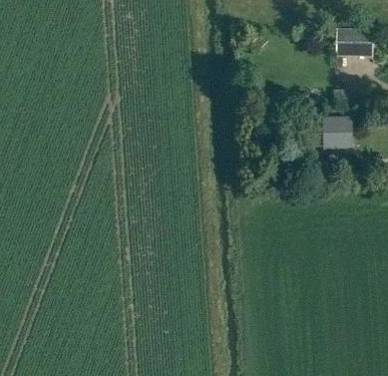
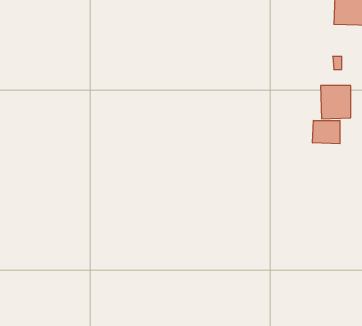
building: none -> [313,120,340,144]

